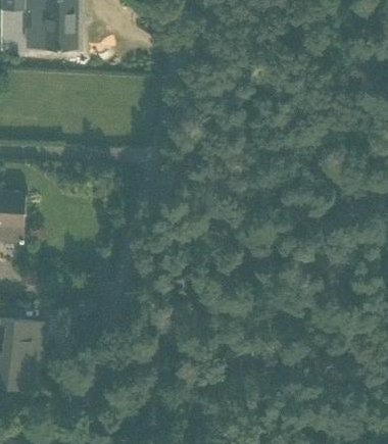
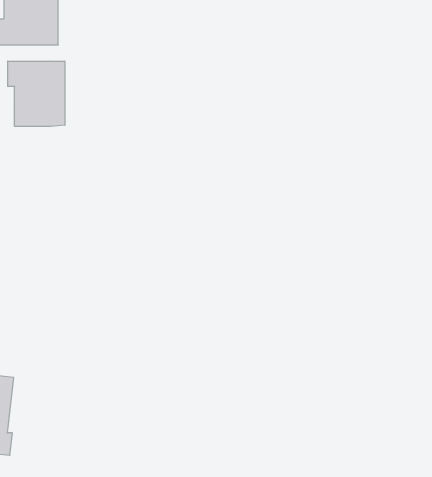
building: none -> [8,61,65,126]

